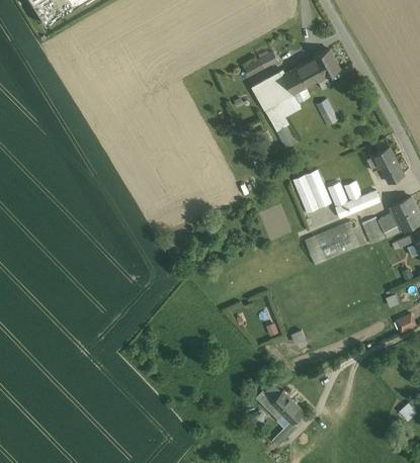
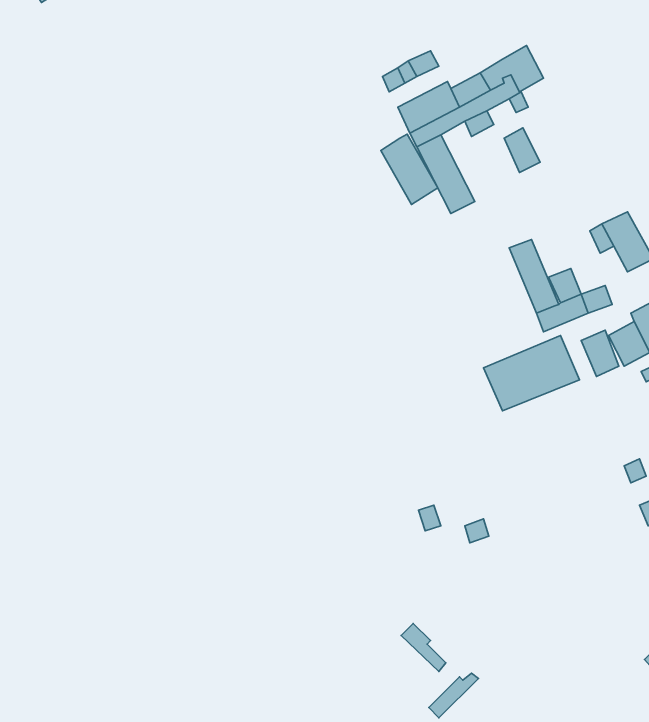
building: none -> [381,134,438,204]
building: [291,170,331,213] -> none
building: [270,390,305,424] -> none

